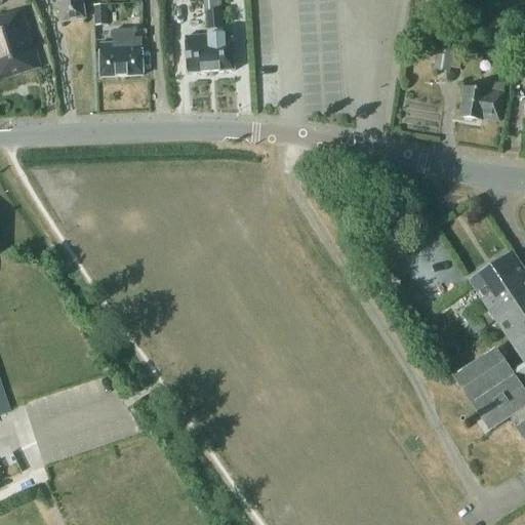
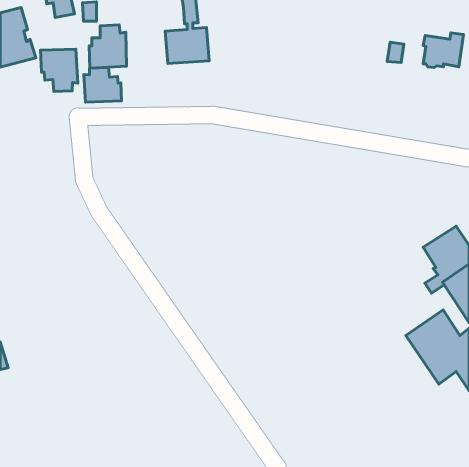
building: none -> [41,49,78,92]
building: none -> [84,67,122,102]
building: [460,81,506,120] -> [423,33,464,68]

